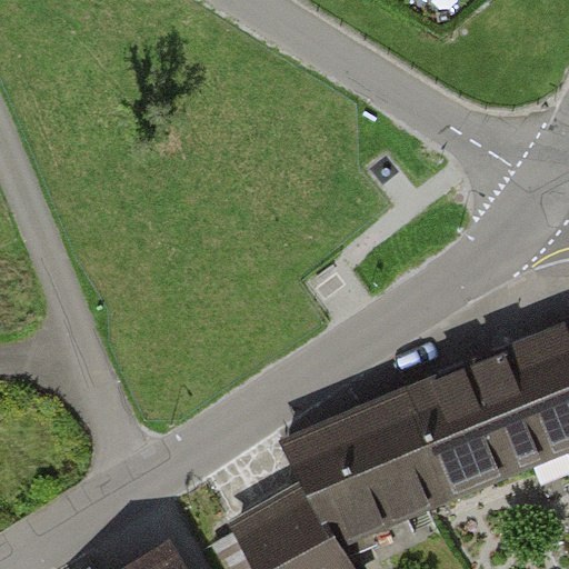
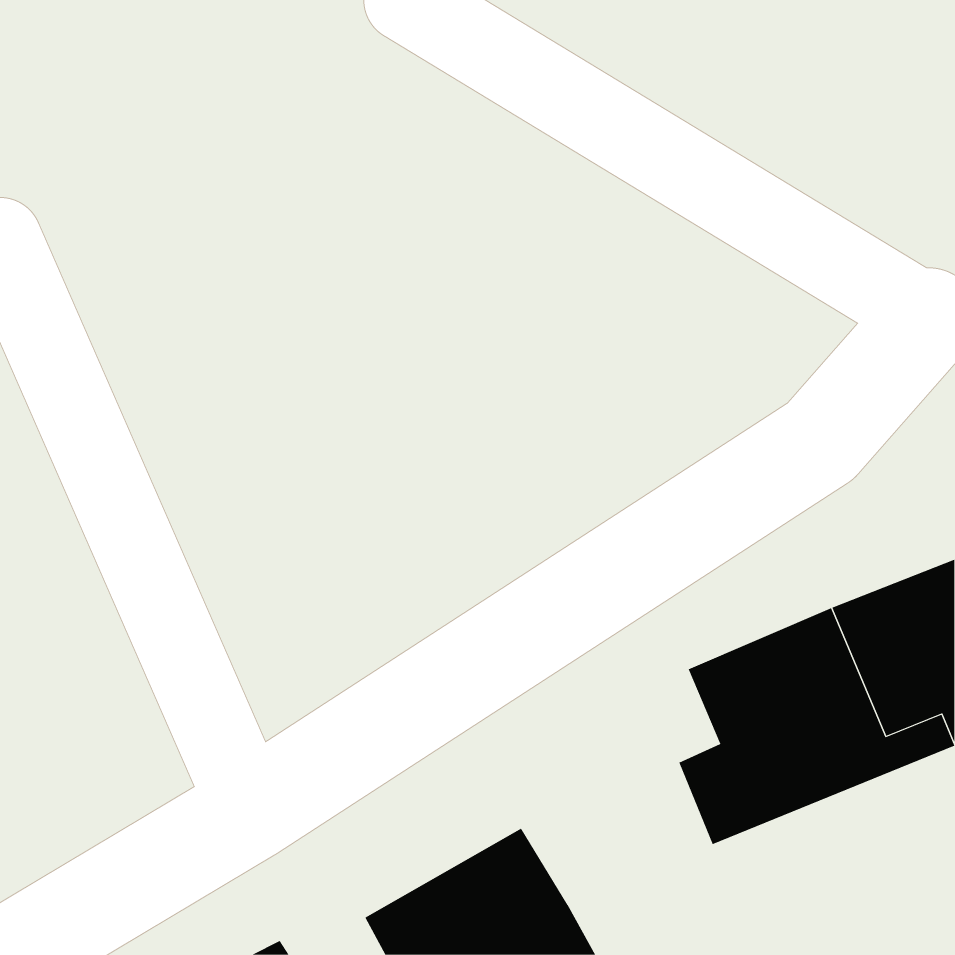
building: [286,398,428,538] -> none

